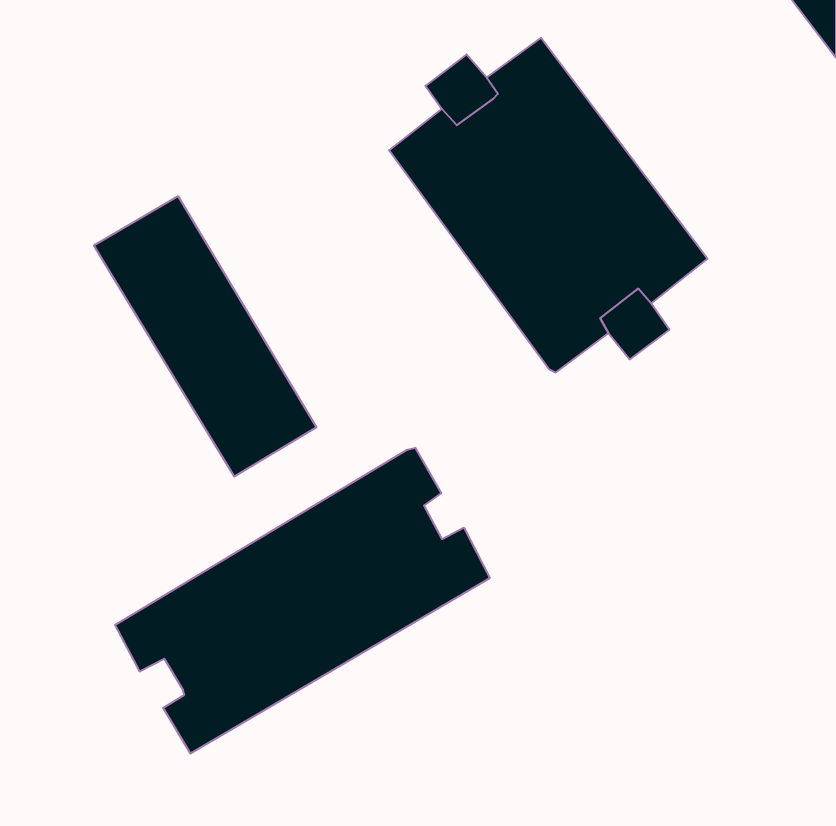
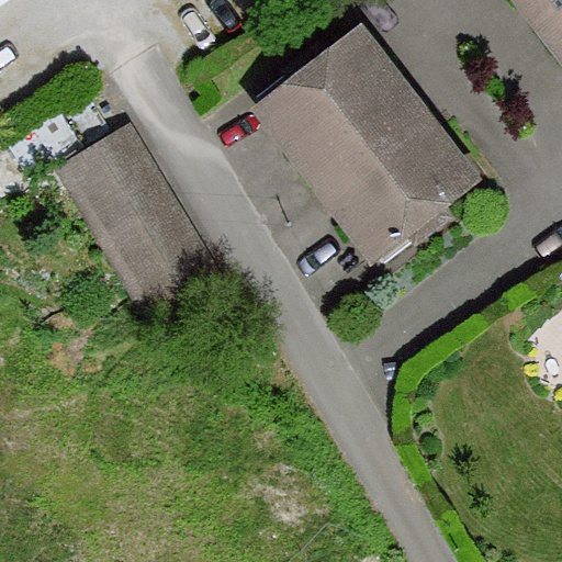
building: [115,448,490,754] -> none

